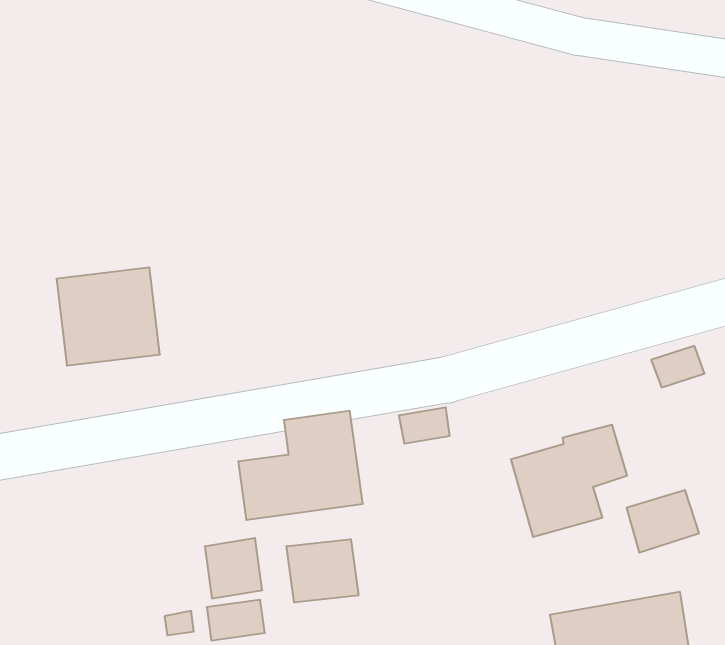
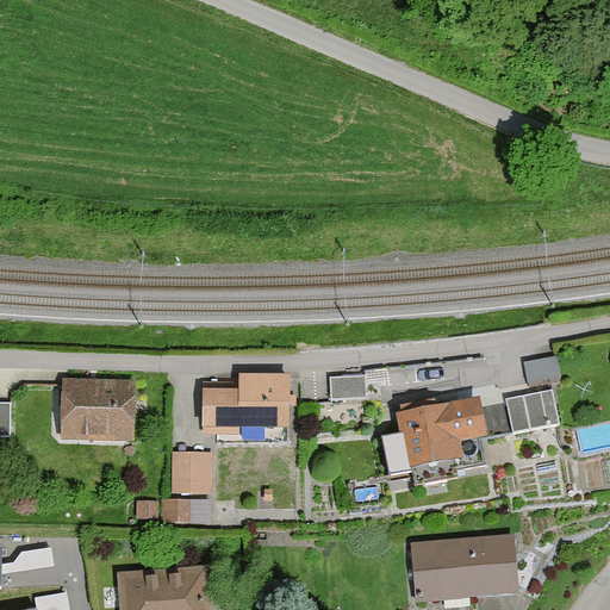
building: [56,268,160,366] -> [63,375,135,442]
building: [627,490,699,553] -> [502,391,553,432]
building: [286,539,358,603] -> none

